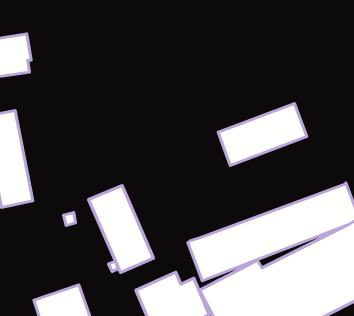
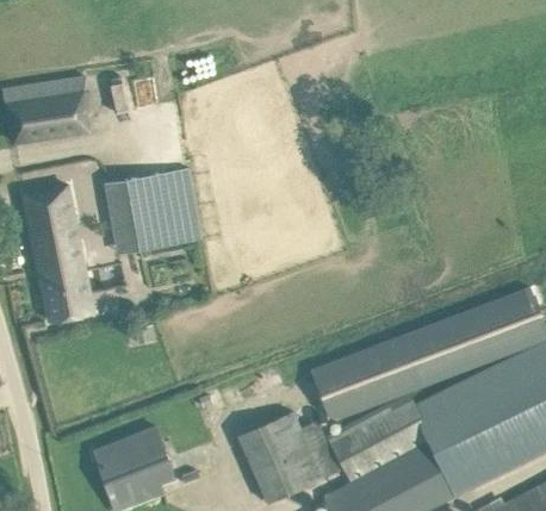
building: none -> [110,170,203,254]
building: [218,104,307,165] -> none
building: [89,186,153,273] -> none

